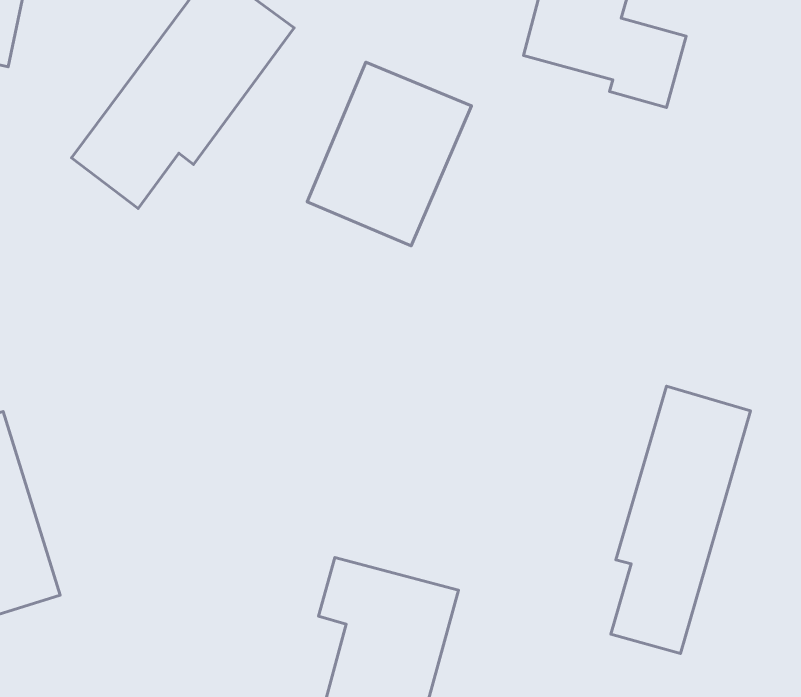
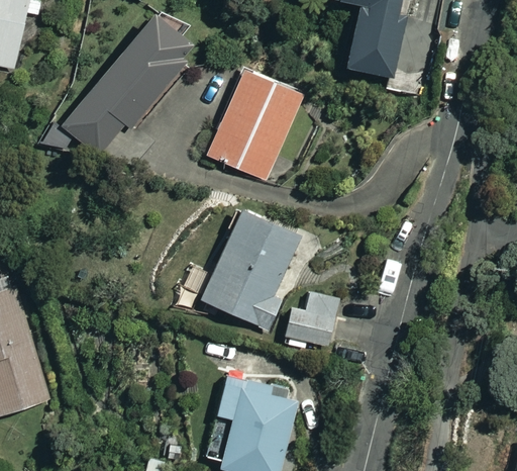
building: none -> [197,207,300,328]
building: [611,386,751,654] -> none
building: none -> [281,292,343,348]

